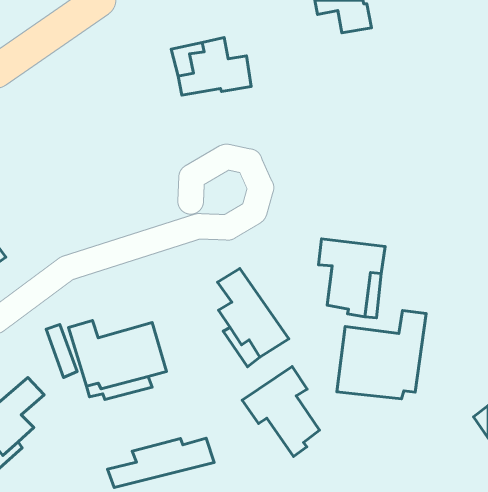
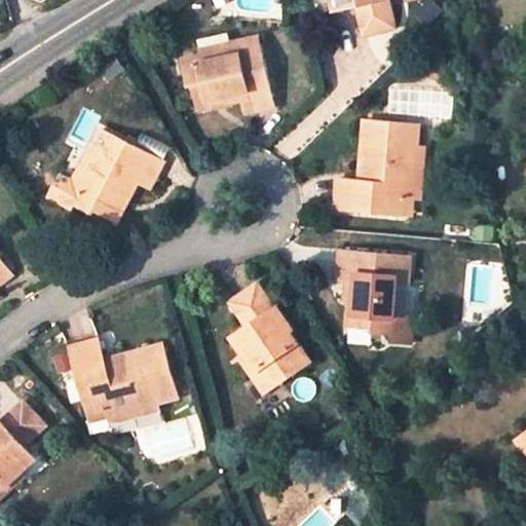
building: none -> [44,124,157,214]
building: none -> [338,124,418,216]
building: [337,310,426,399] -> none
building: [242,366,320,457] -> none
building: [108,438,214,488] -> none

